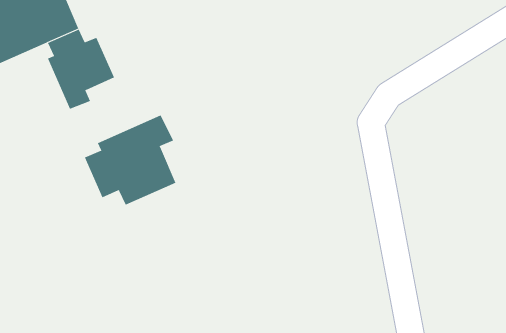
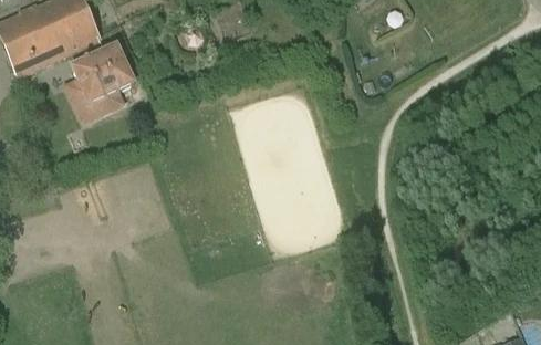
building: [84,115,176,206] -> none

